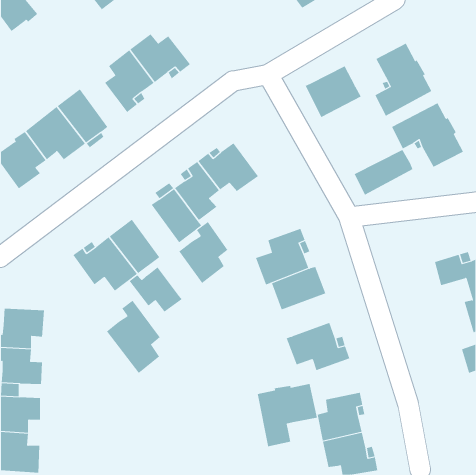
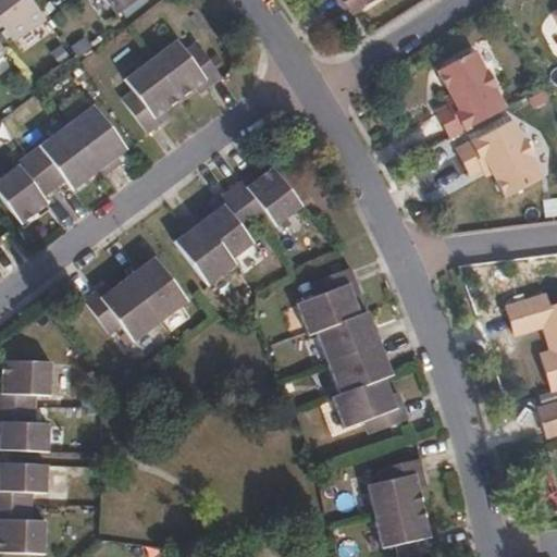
building: [305,65,362,118] -> none
building: [354,149,413,195] -> none
building: [178,221,228,284] -> none
building: [129,267,183,313] -> none
building: none -> [329,343,393,393]
building: [106,300,160,374] -> none
building: [257,383,317,447] -> none

